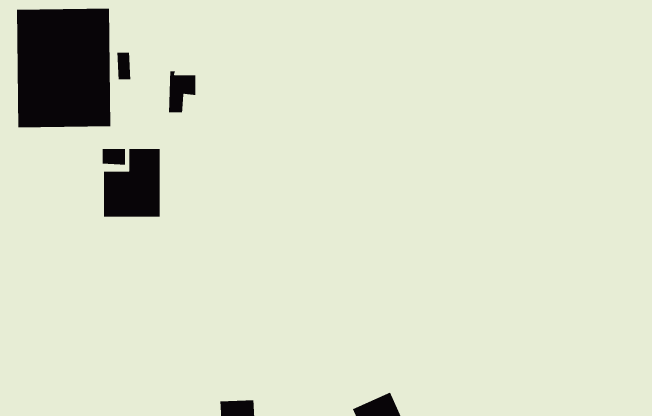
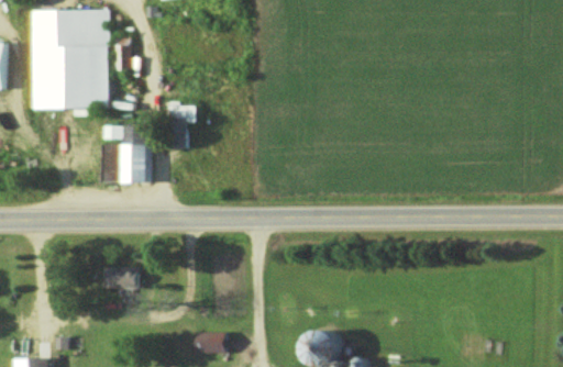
building: [168,70,196,113] -> [174,102,197,137]
building: none -> [104,267,137,289]

